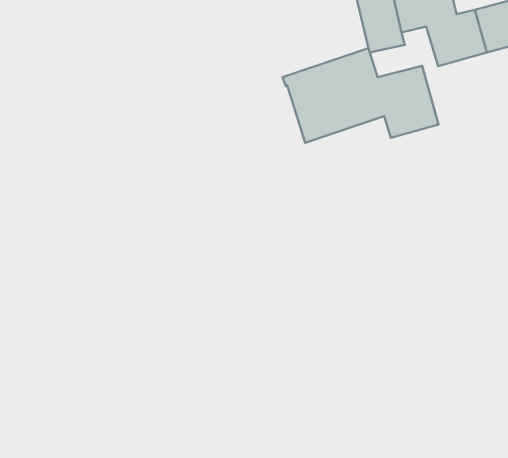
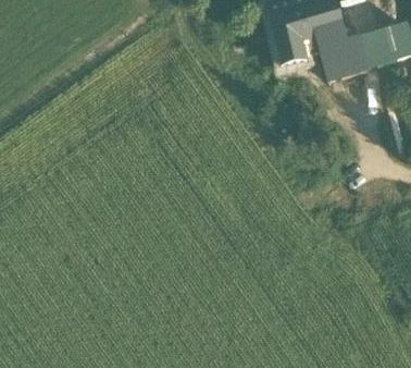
building: [283,48,439,143] -> none

